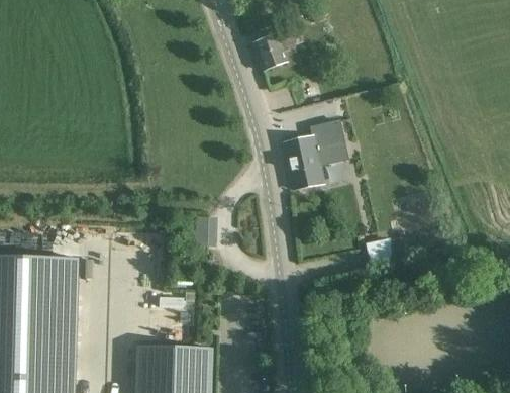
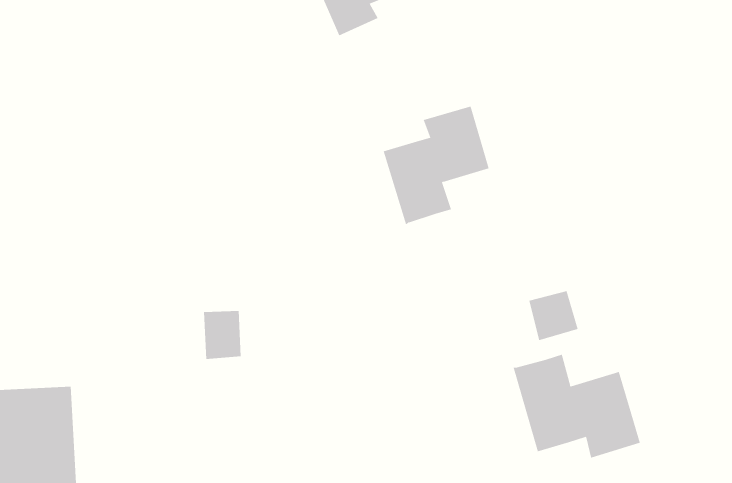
building: [194,214,217,243] -> [203,311,242,360]
building: none -> [513,354,641,459]

